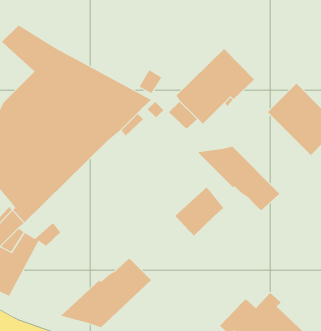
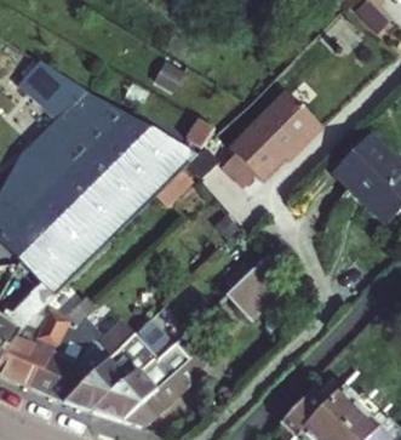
building: [197,146,280,211] -> none
building: none -> [29,313,165,410]

